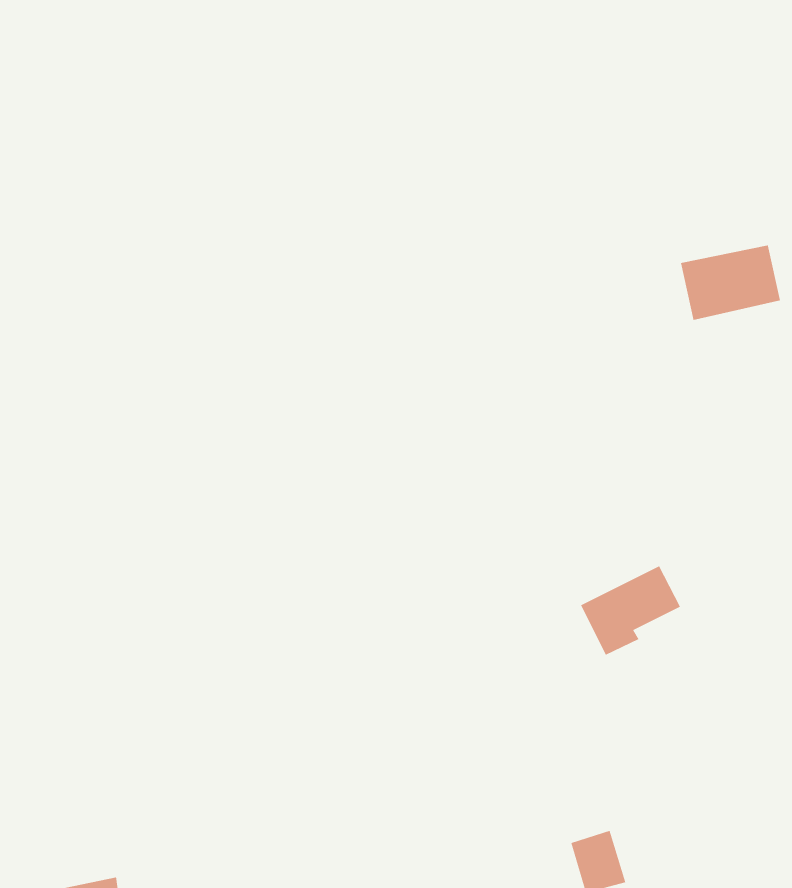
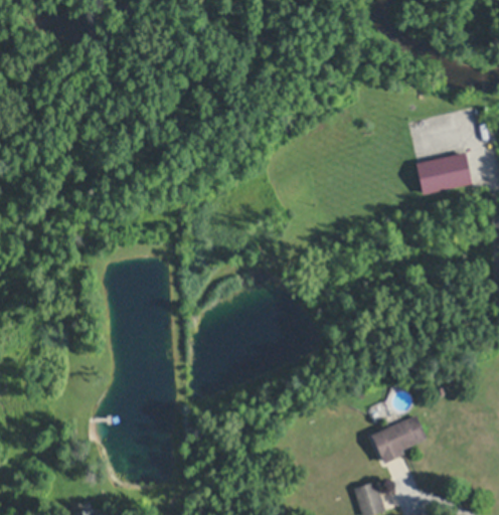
building: [580,565,681,656] -> [370,414,427,465]

